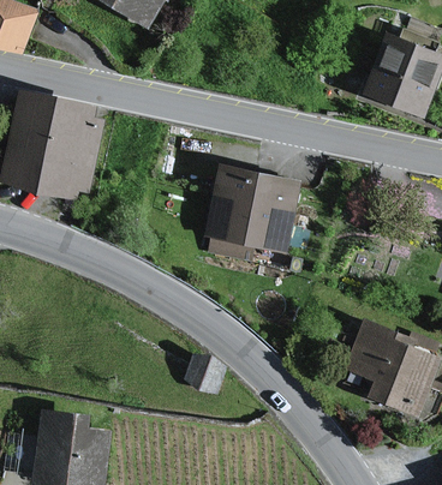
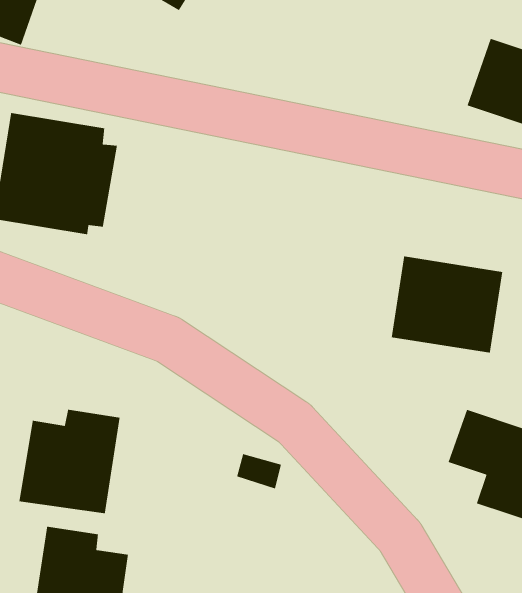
building: [208,174,293,249] -> [391,256,503,353]
building: none -> [18,409,121,514]

